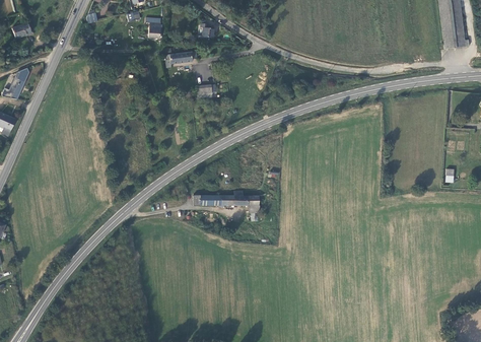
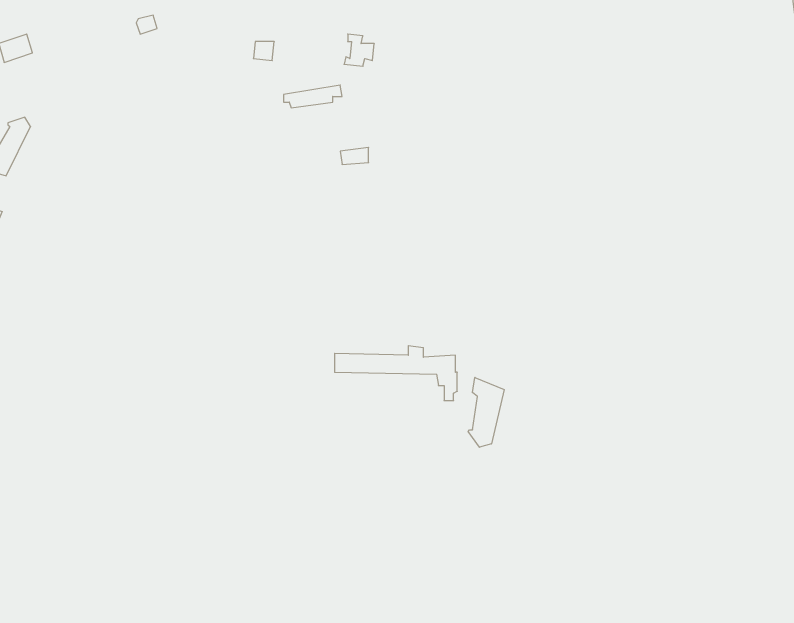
building: none -> [468,377,504,447]

